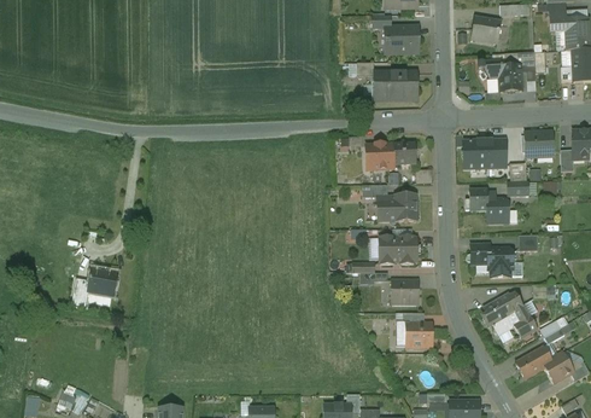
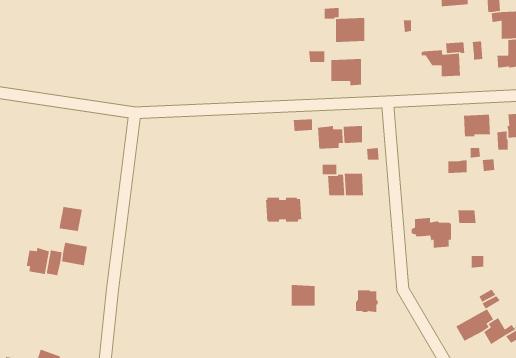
building: [470,17,501,42] -> none
building: [463,134,509,167] -> none
building: [466,188,508,222] -> none
building: none -> [59,206,83,232]
building: [378,236,417,263] -> [265,197,302,223]
building: none -> [26,247,50,275]
building: [391,279,417,303] -> [291,284,315,306]
building: [482,291,537,336] -> none

